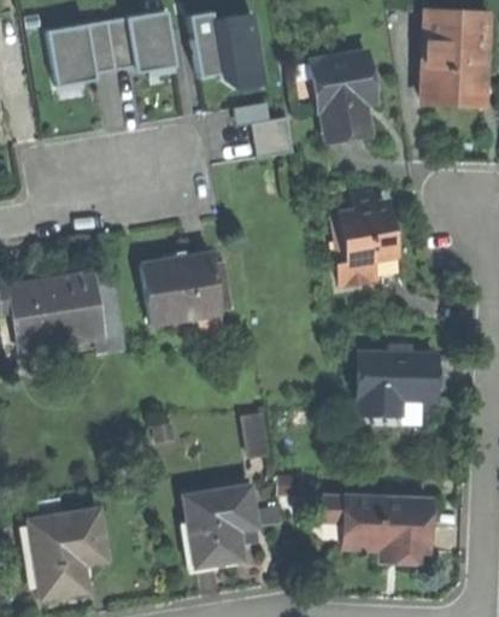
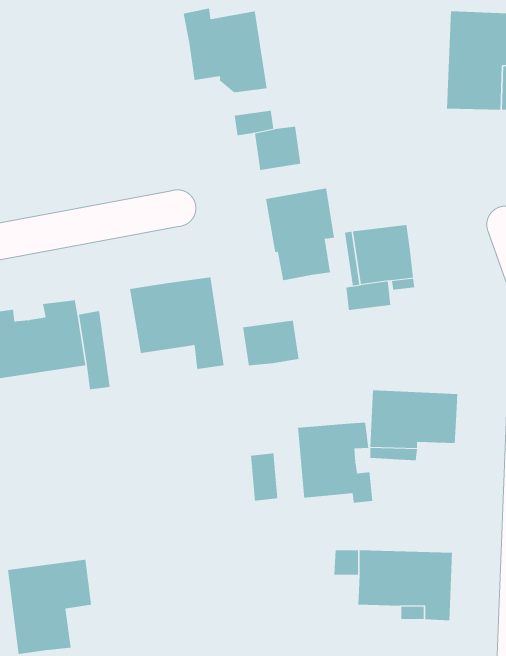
building: [47,10,177,86] -> none
building: [311,52,374,135] -> [265,188,335,281]
building: none -> [242,320,299,366]
building: none -> [298,422,373,503]
building: [184,484,258,566] -> none

